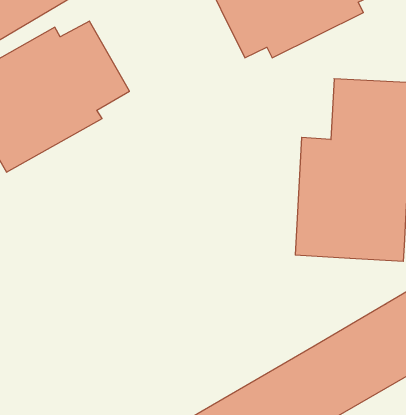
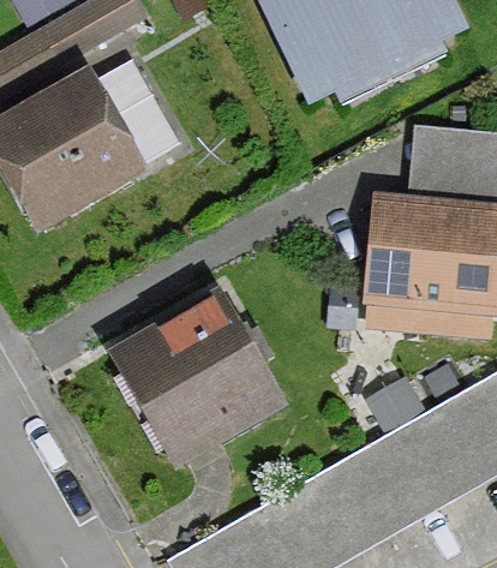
building: none -> [110,289,286,468]

